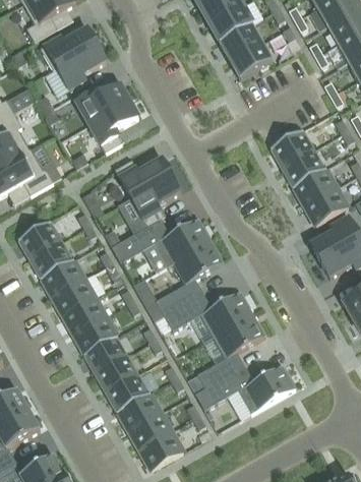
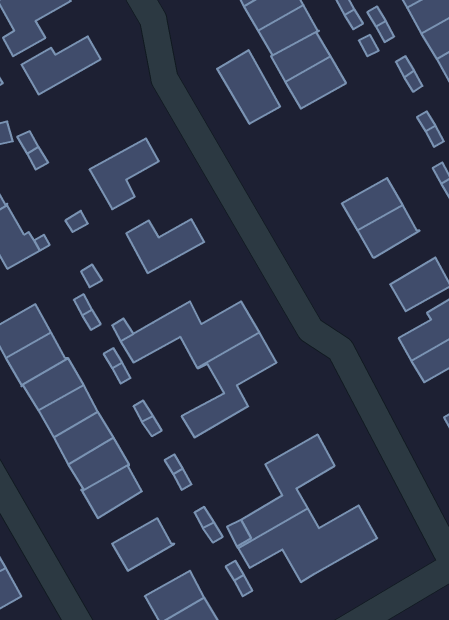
building: none -> [217,50,280,124]
building: [44,44,106,97] -> none
building: [76,84,128,123] -> none
building: [292,167,337,205] -> none
building: [117,175,180,233] -> none
building: [164,291,252,335] -> none
building: [95,354,137,391] -> none
building: [116,391,161,429] -> none

